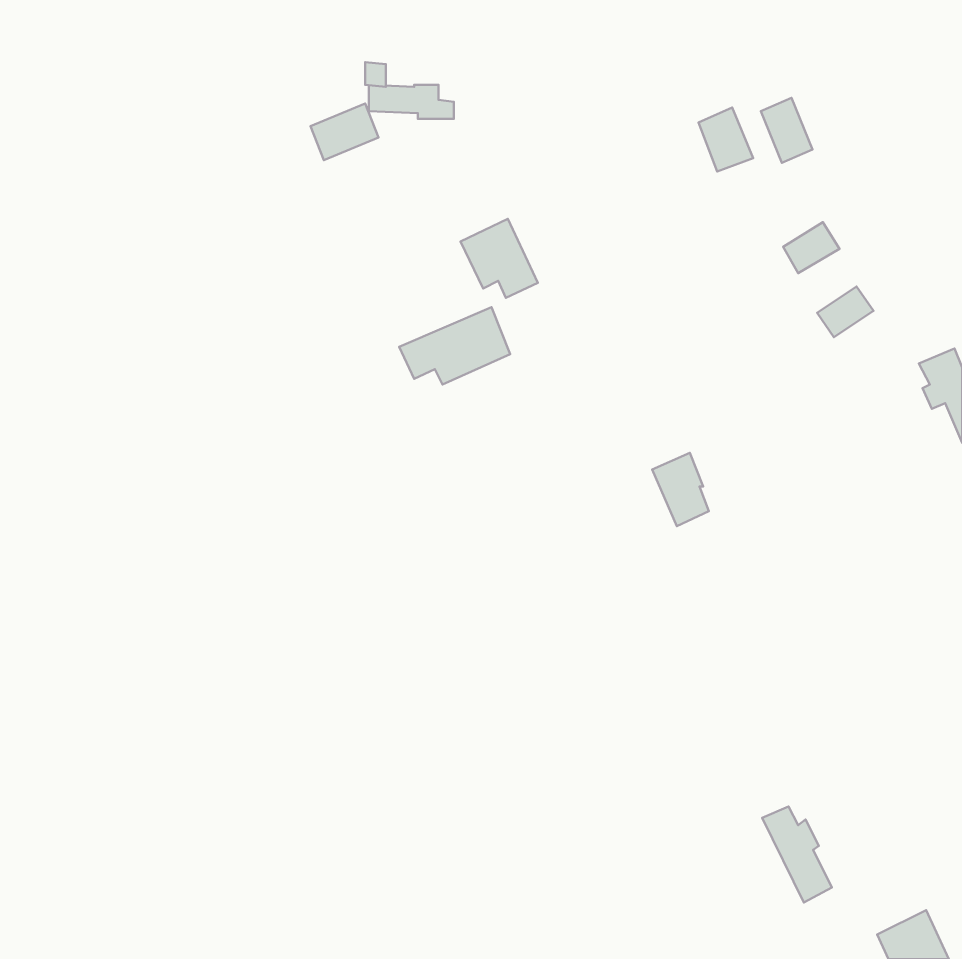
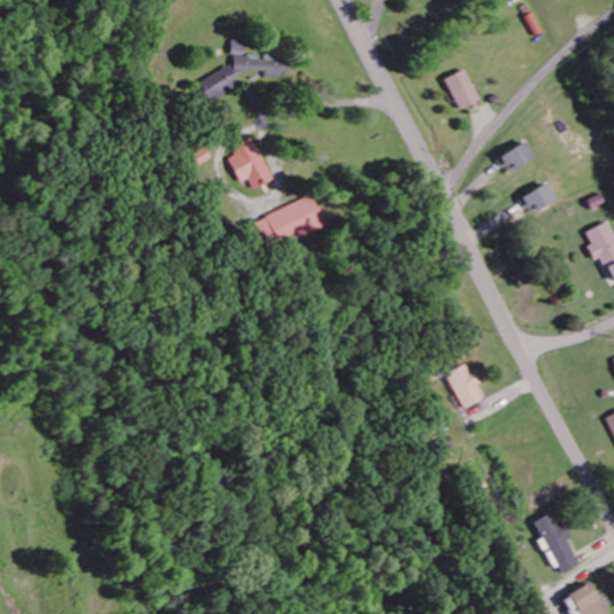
building: [761,98,812,163] -> none
building: [461,219,538,298] -> [225,139,275,189]
building: [652,453,709,526] -> [444,361,480,408]
building: [762,806,832,902] -> [532,511,577,572]

